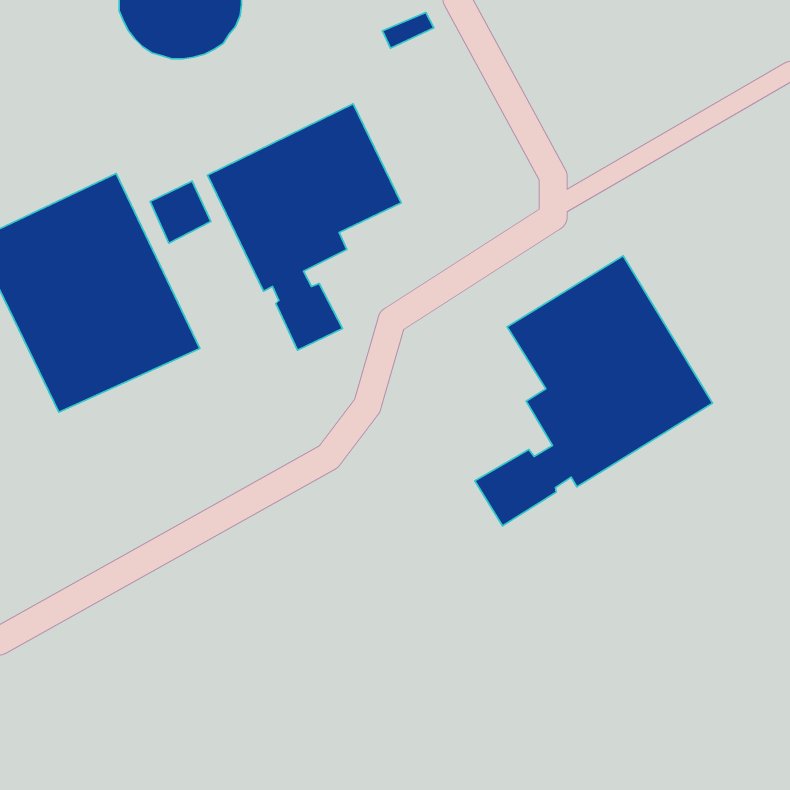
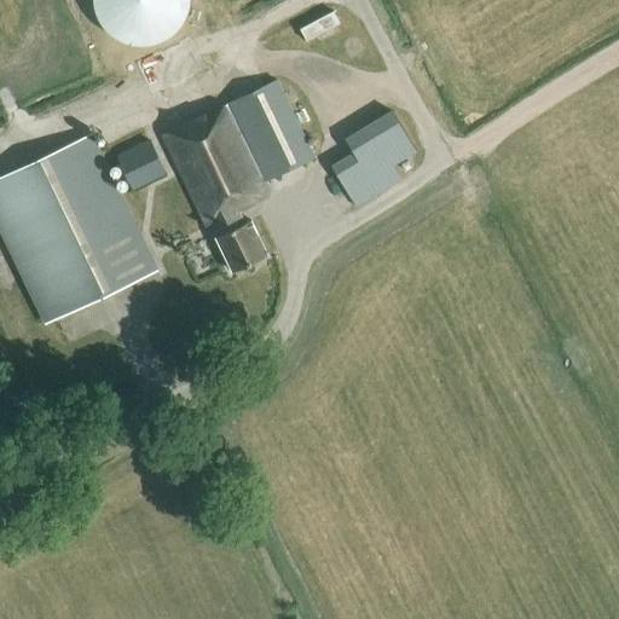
building: none -> [330,112,417,208]
building: [475,256,712,526] -> none

